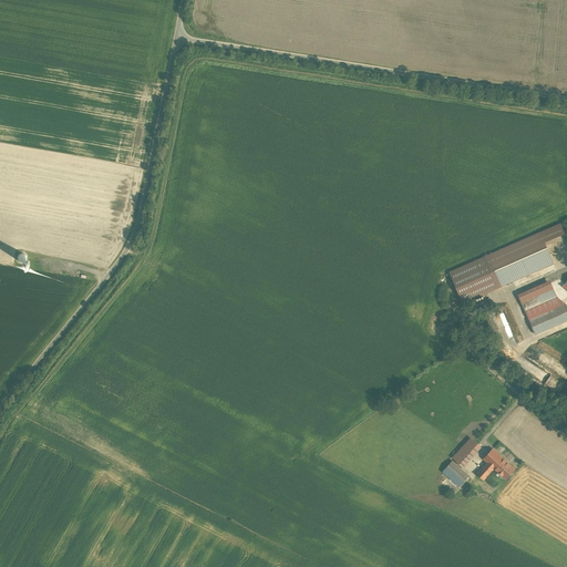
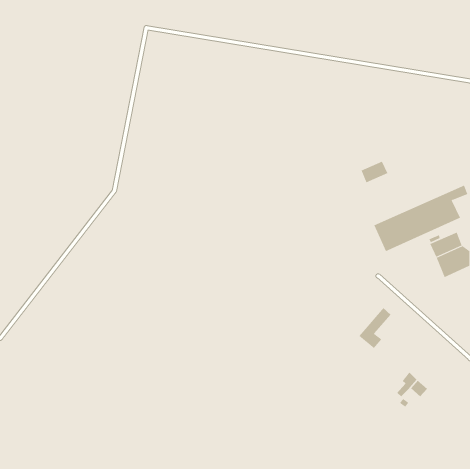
building: none -> [361,161,388,183]
building: [441,437,481,487] -> [358,307,392,349]

